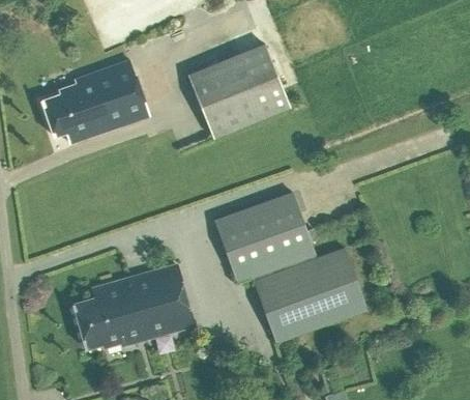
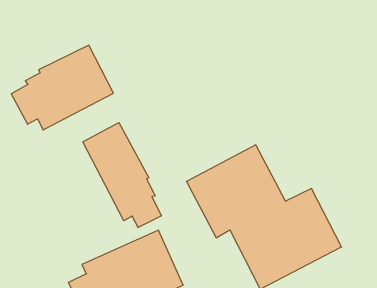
building: [186,42,290,137] -> none
building: none -> [83,123,161,228]

